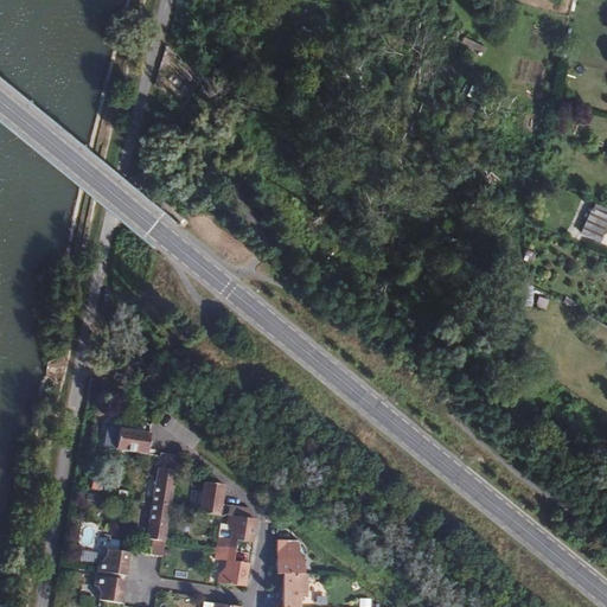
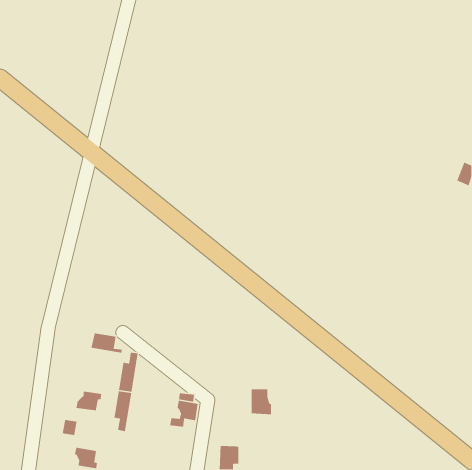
building: [199,480,224,513] -> none
building: [276,538,304,573] -> [251,388,272,415]
building: [216,547,248,584] -> none
building: [97,548,132,574] -> [75,391,102,411]

